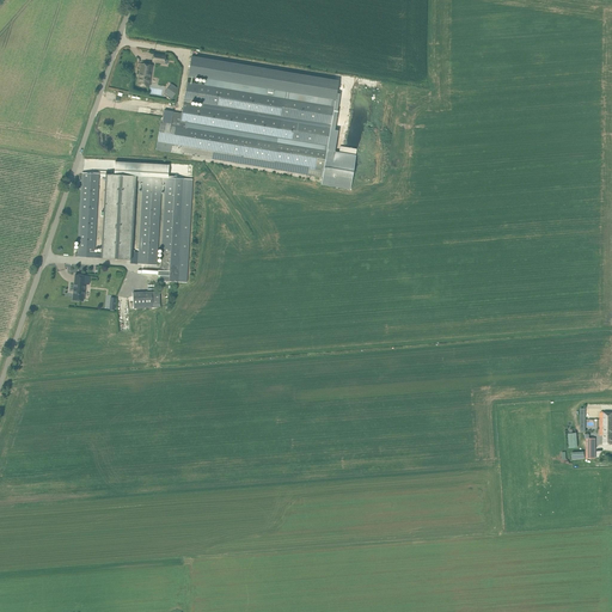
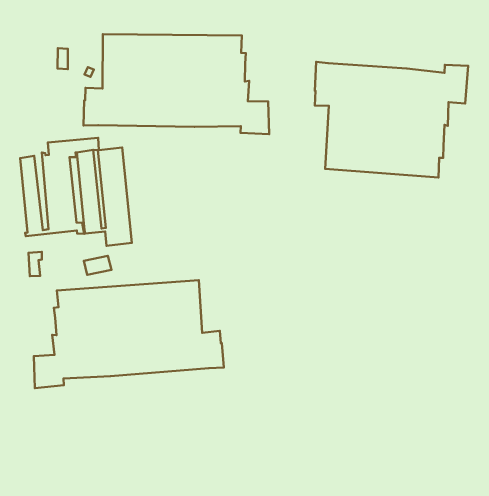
building: none -> [315,62,468,178]
building: none -> [34,280,224,388]

